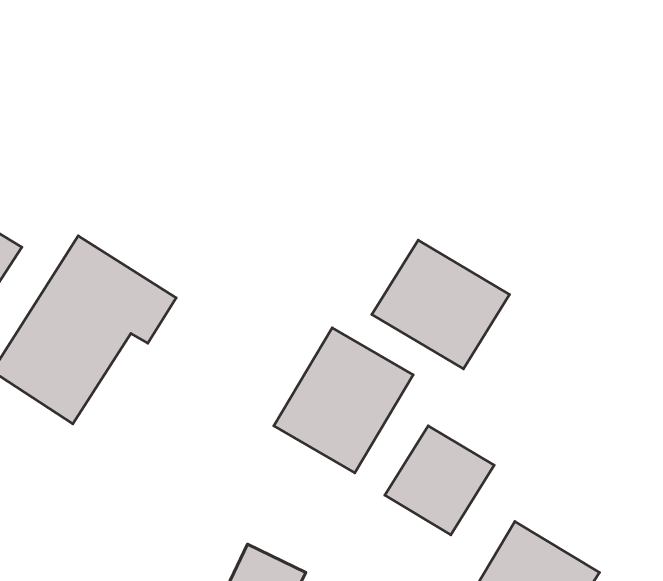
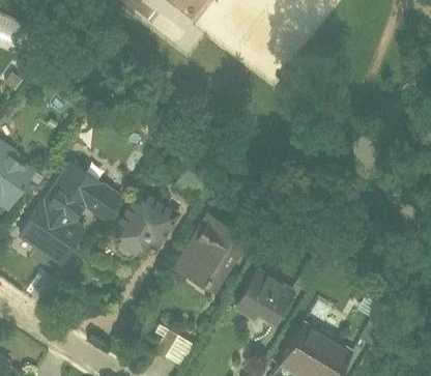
building: [372,240,510,369] -> none
building: none -> [113,191,179,257]

